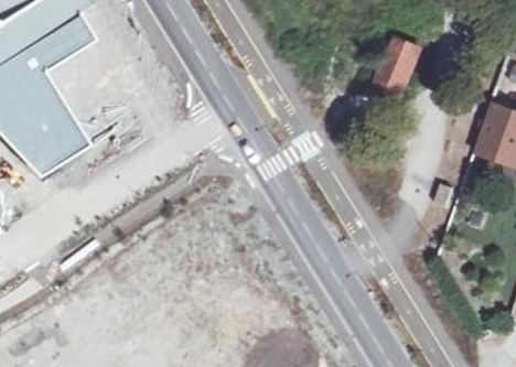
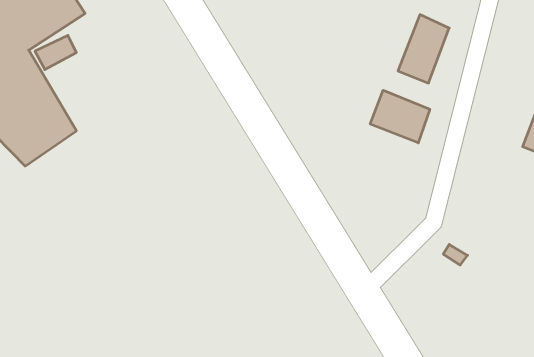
building: none -> [370,90,430,143]

